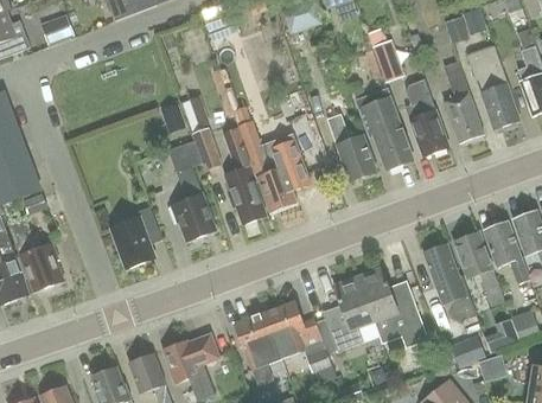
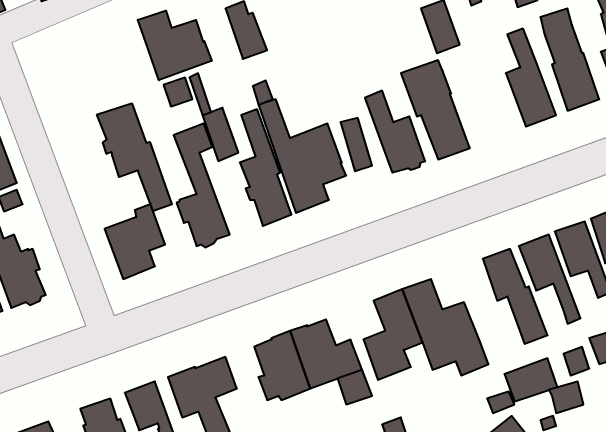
building: none -> [138,11,212,80]
building: [404,79,448,156] -> none
building: none -> [97,103,172,211]

